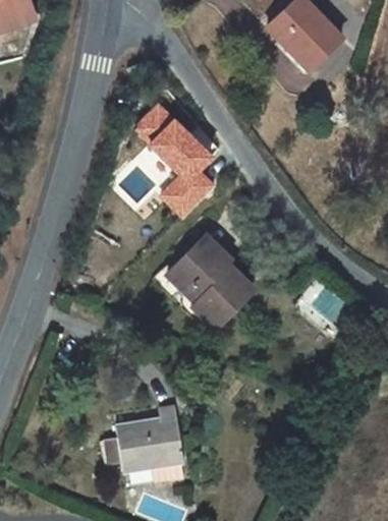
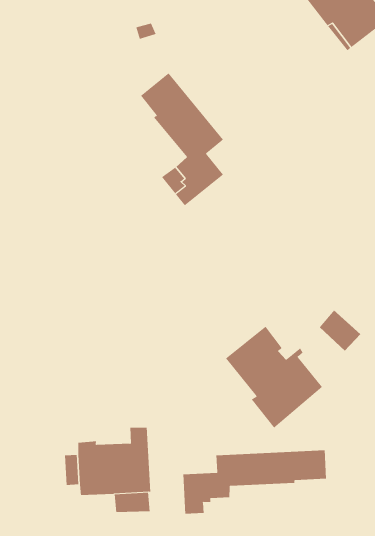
building: [167,242,253,329] -> [225,326,323,428]
building: none -> [183,450,327,514]

